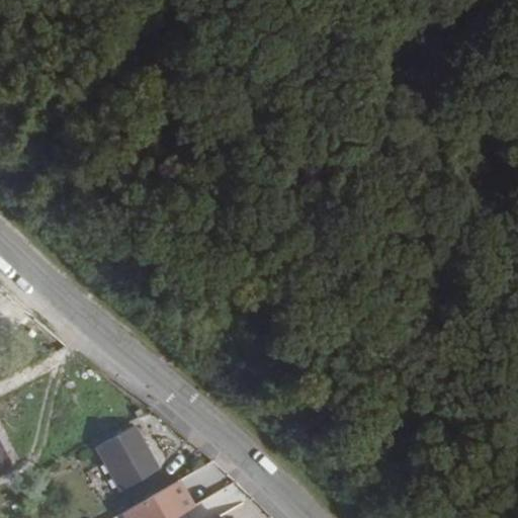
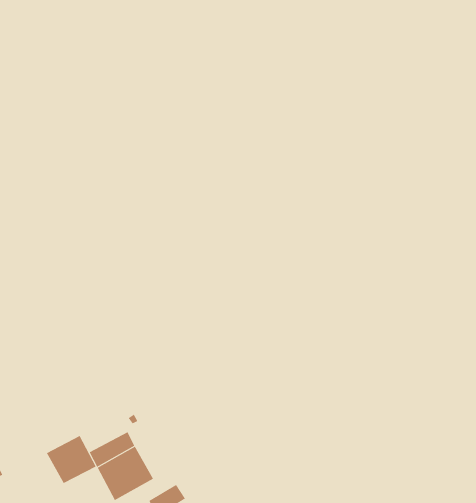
building: none -> [46,435,96,484]

